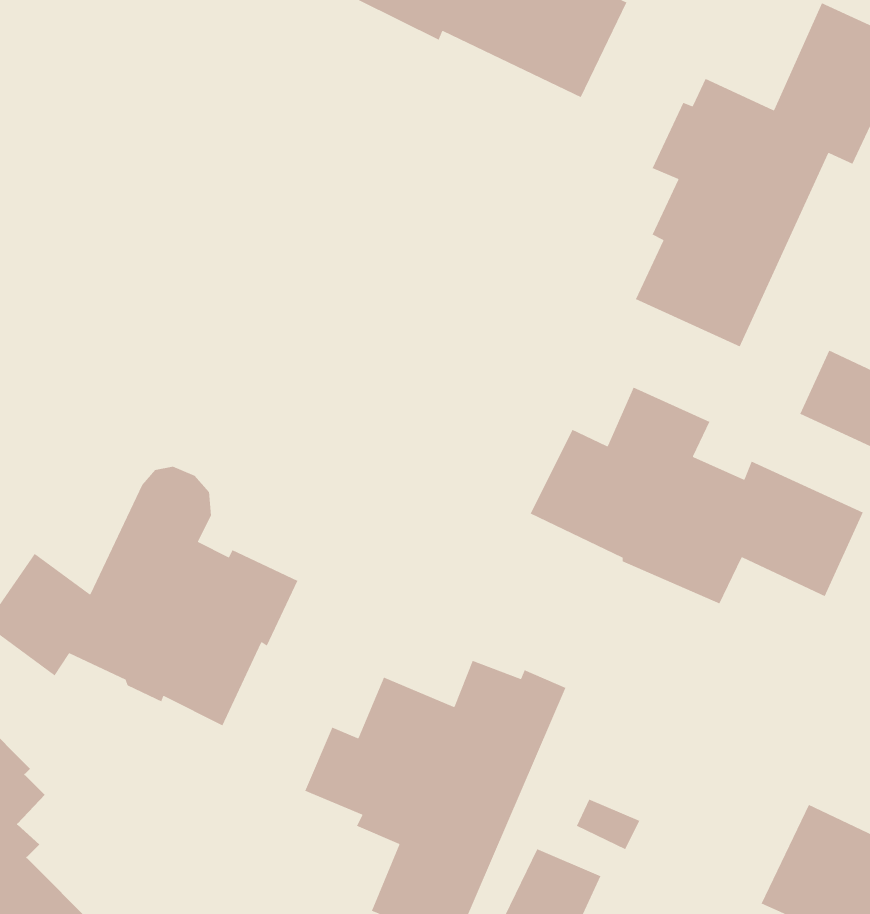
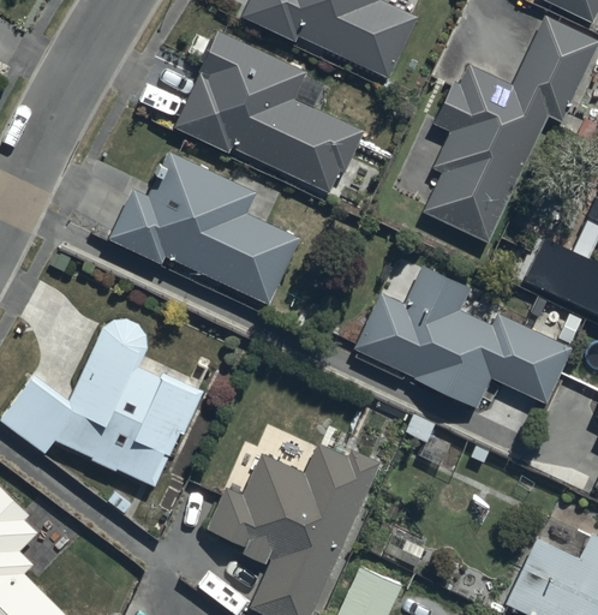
building: none -> [175,31,364,193]
building: none -> [108,150,299,305]

